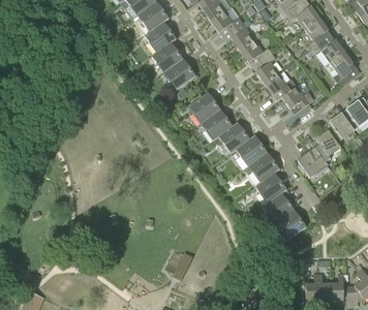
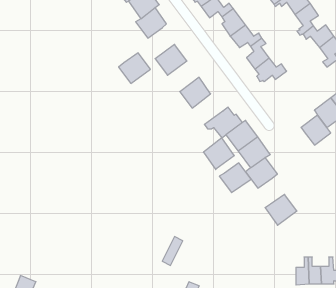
building: [151,42,183,73] -> [119,53,150,83]
building: [281,86,313,109] -> none
building: [201,109,232,141] -> [203,138,234,170]
building: [297,147,327,177] -> none
building: [262,193,294,223] -> [219,163,251,193]

